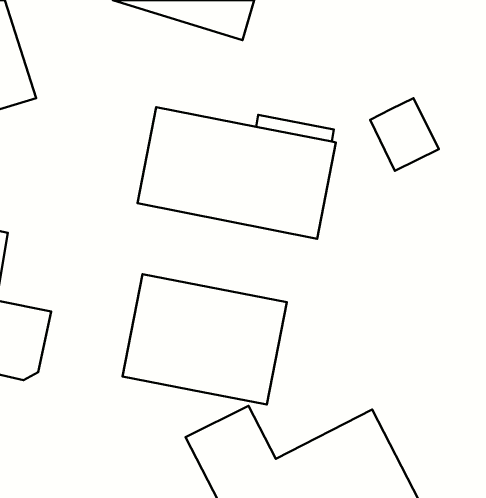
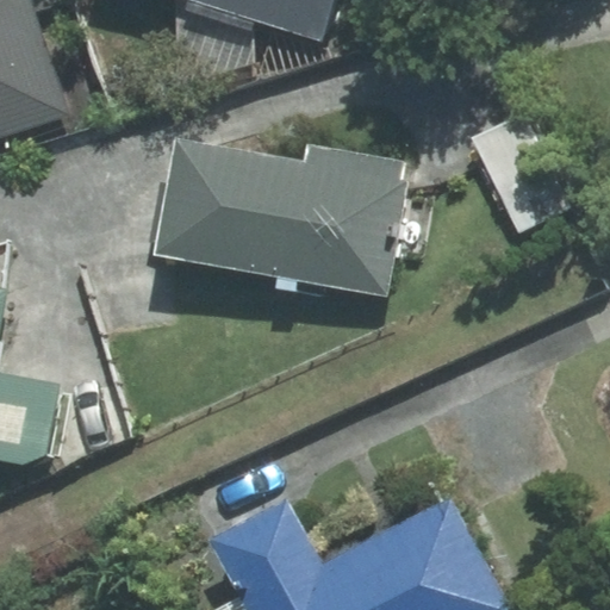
building: [122,274,287,404] -> none

